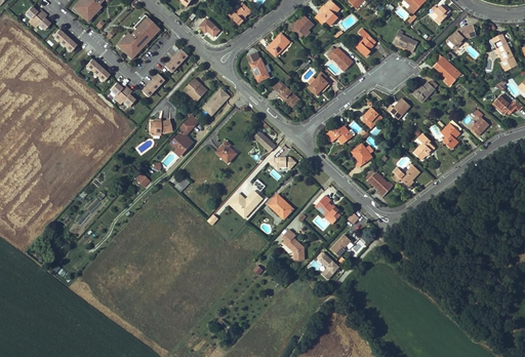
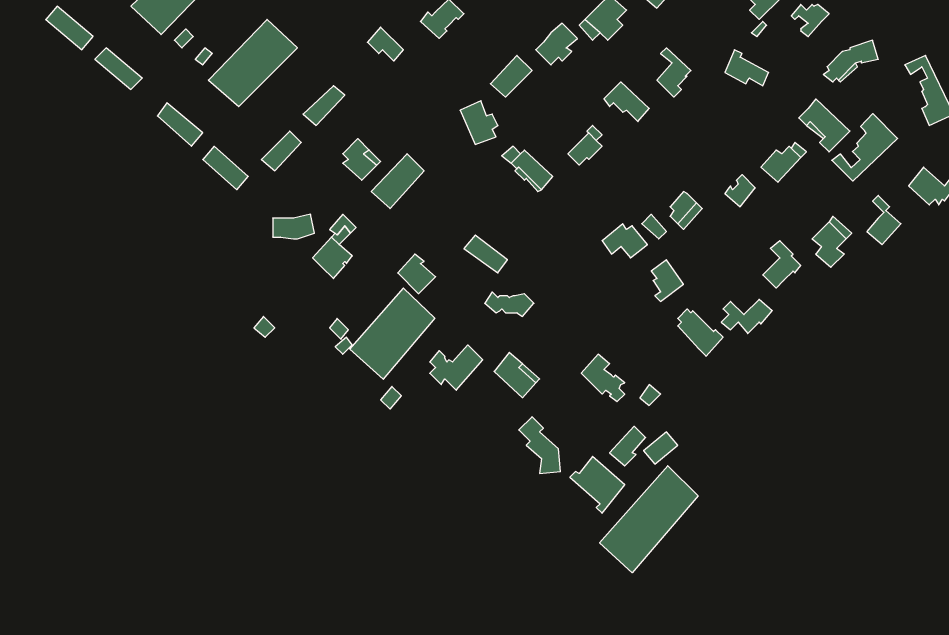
building: none -> [832,114,898,181]
building: none -> [350,288,435,379]
building: none -> [600,466,698,573]

